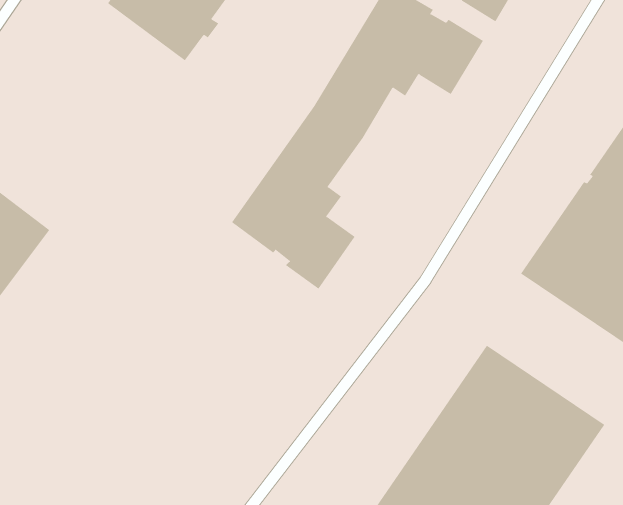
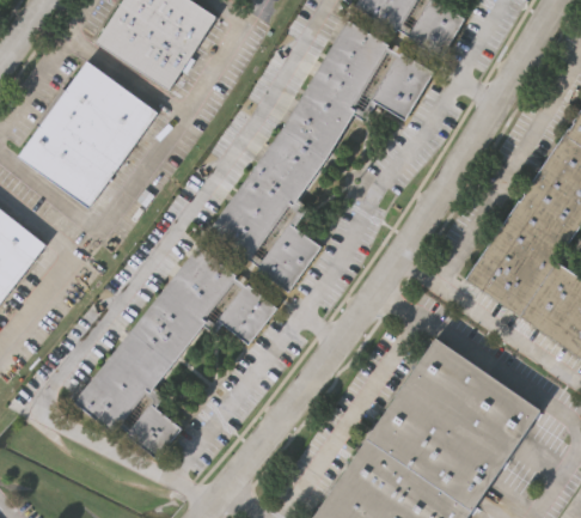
building: none -> [19,60,158,207]
building: none -> [73,245,276,456]

